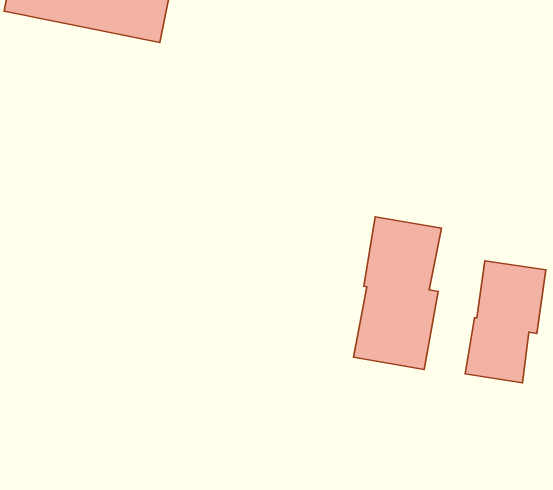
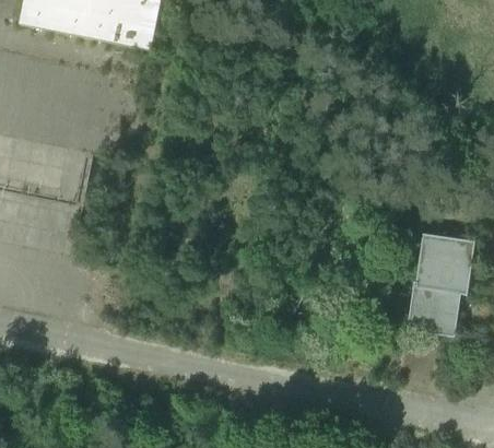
building: [354,217,441,370] -> none

